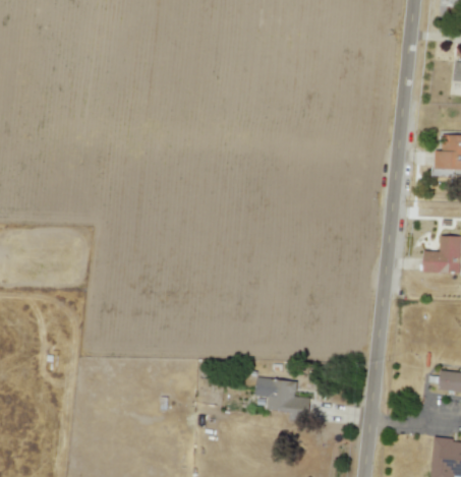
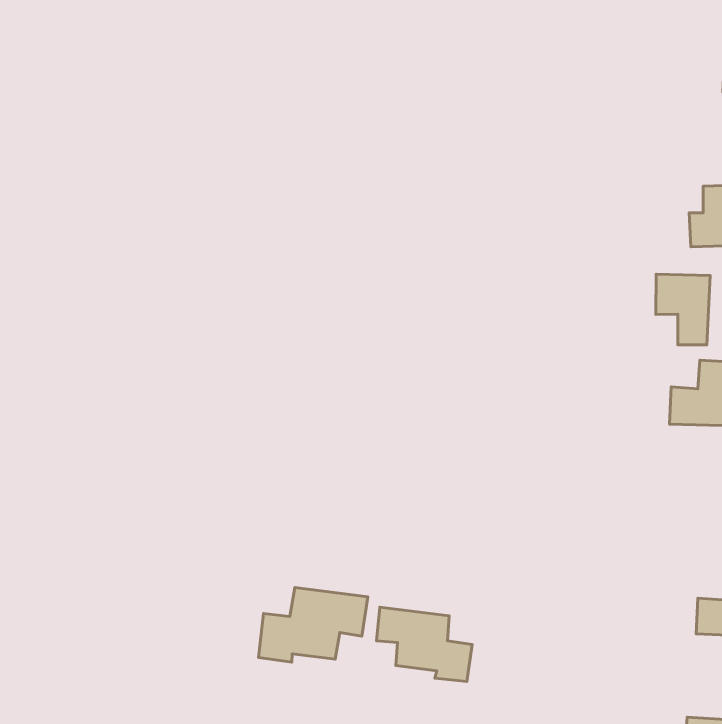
building: none -> [656,274,710,345]
building: none -> [258,588,368,662]

